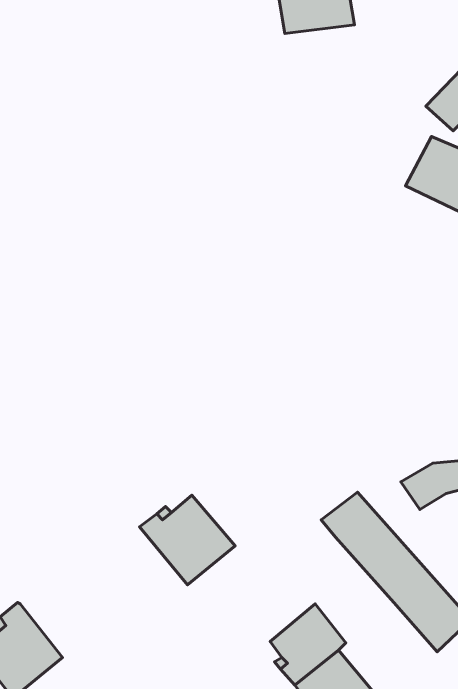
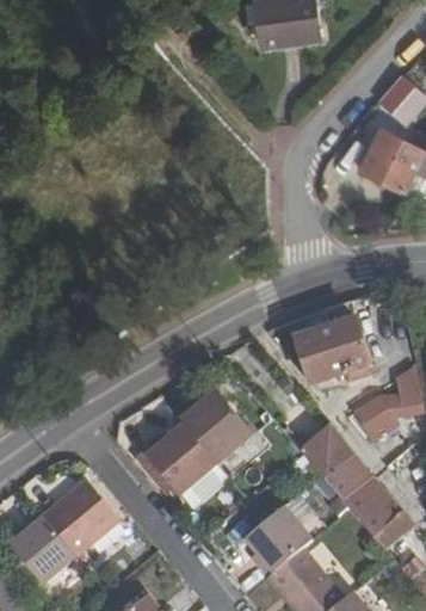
building: none -> [295,319,371,385]
building: none -> [177,390,257,464]
building: none -> [43,479,119,556]

